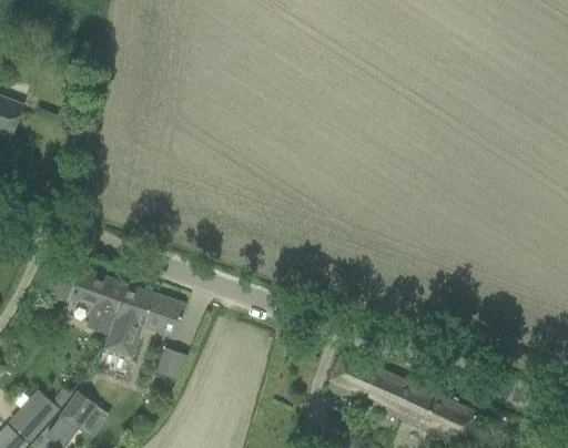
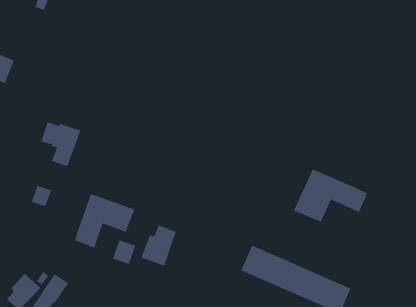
building: none -> [293,168,368,222]
building: [72,271,126,332] -> [41,122,81,167]
building: none -> [141,224,177,266]

